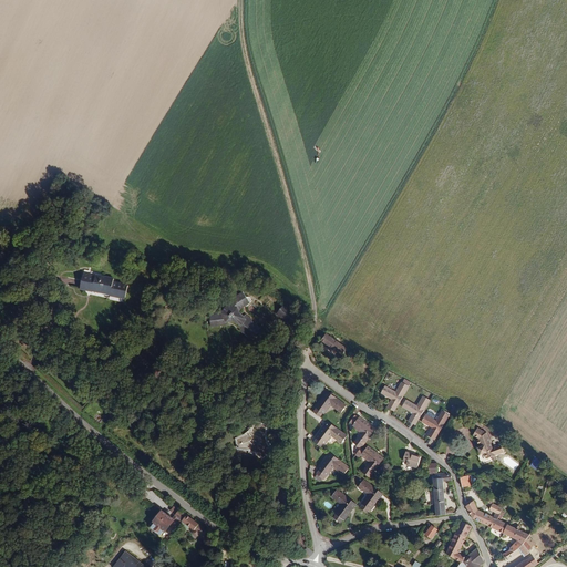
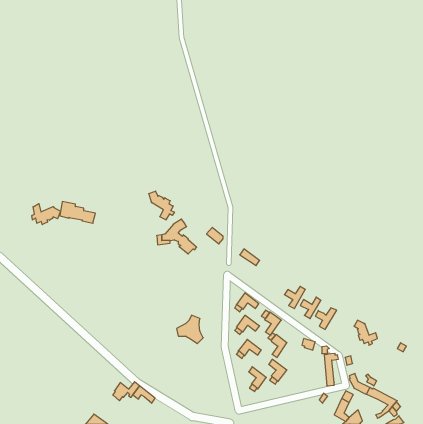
building: none -> [149,191,174,220]
building: none -> [32,204,61,225]

